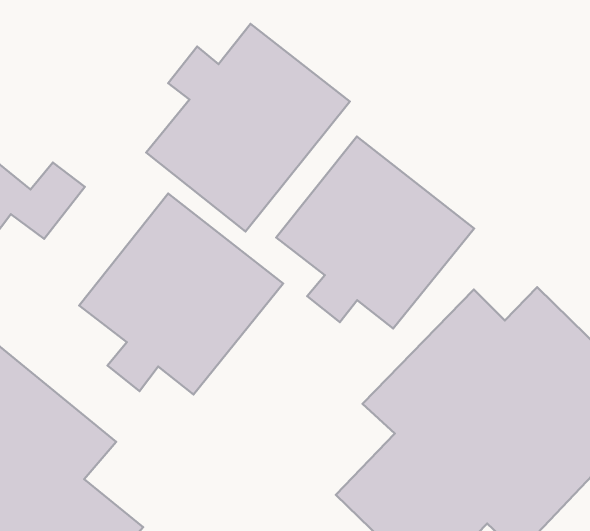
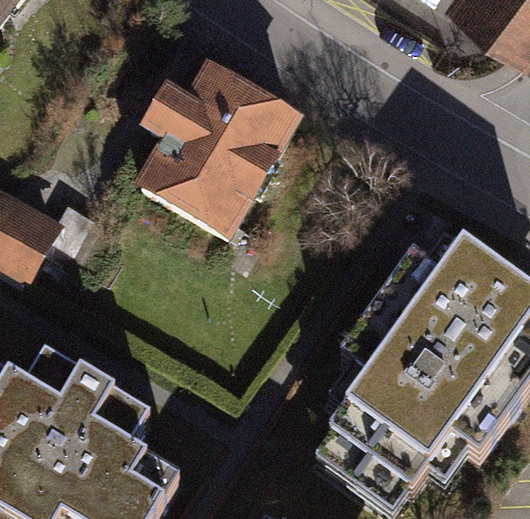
building: [276,136,474,329] -> none
building: [79,194,283,394] -> none

